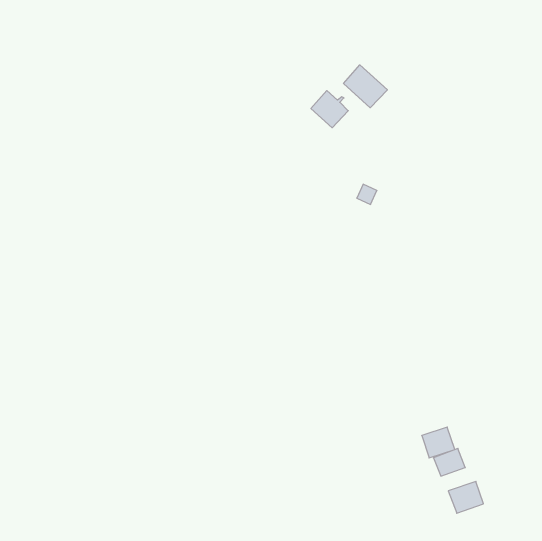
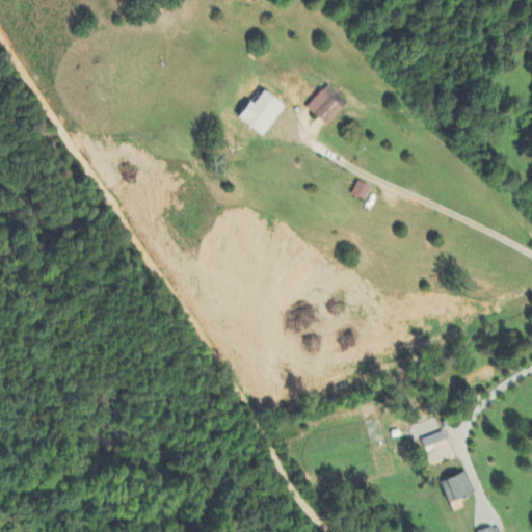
building: [344,65,387,108] -> none
building: none -> [238,88,283,135]

